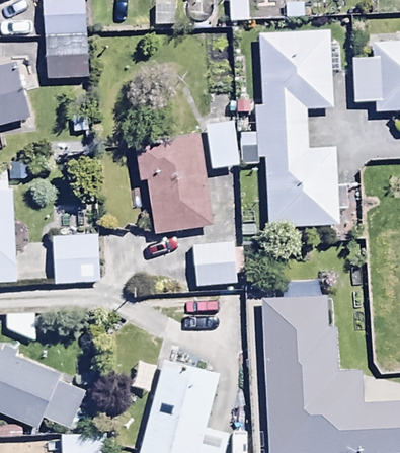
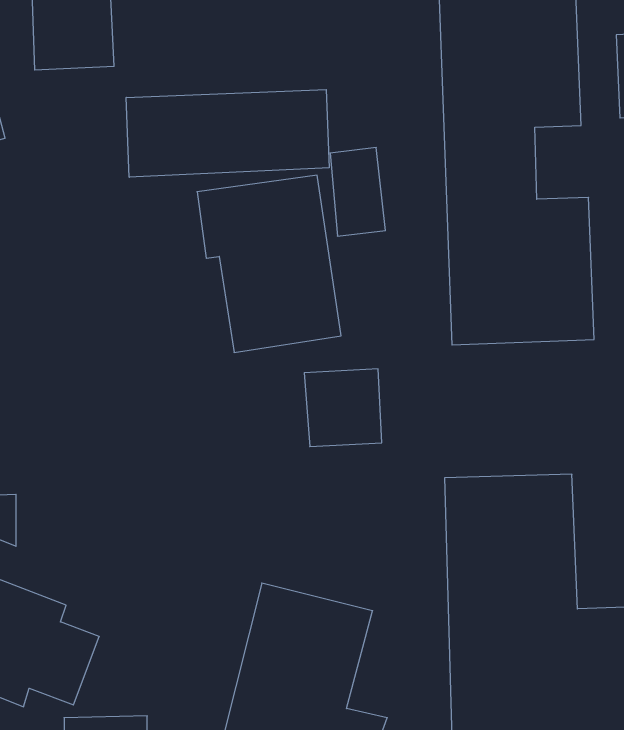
building: none -> [126,90,329,177]
building: [47,232,94,283] -> none

